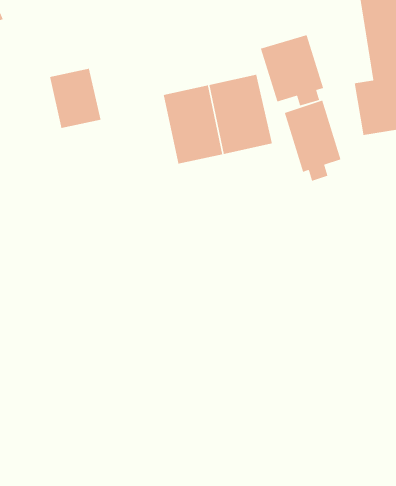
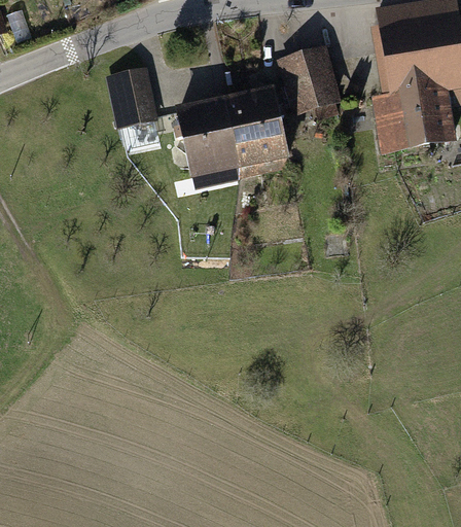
building: [49,68,101,129] -> [104,65,158,129]
building: [284,100,341,182] -> none

